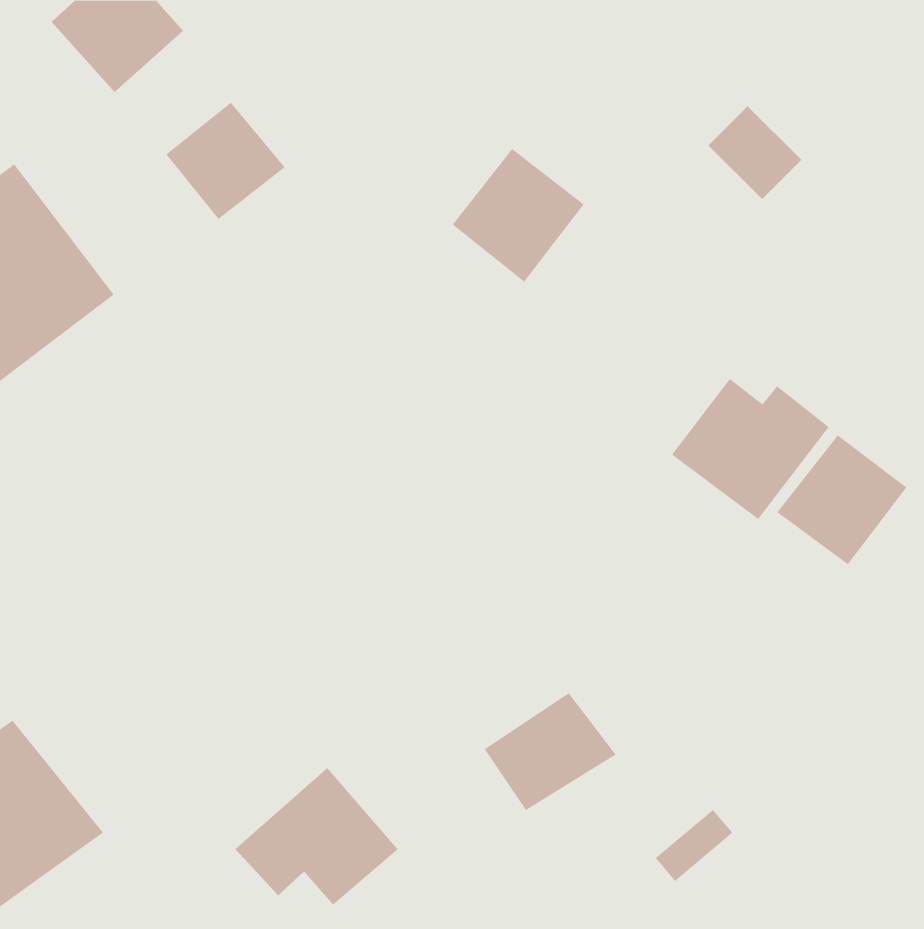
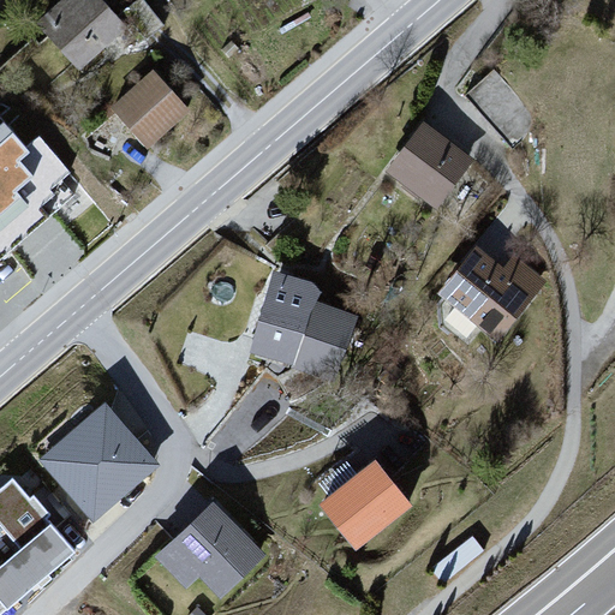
building: [452,148,585,283] -> [386,125,473,214]
building: none -> [249,274,356,384]
building: [777,434,907,565] -> none
building: none -> [38,399,150,513]

